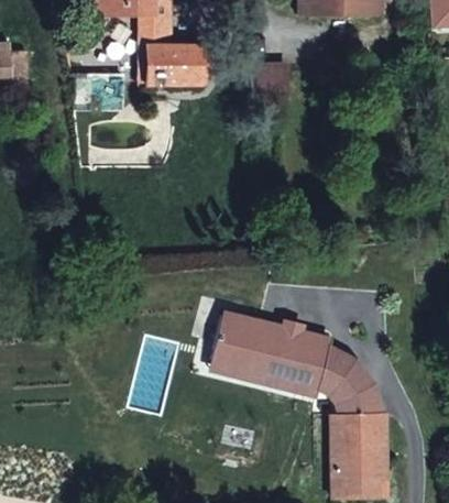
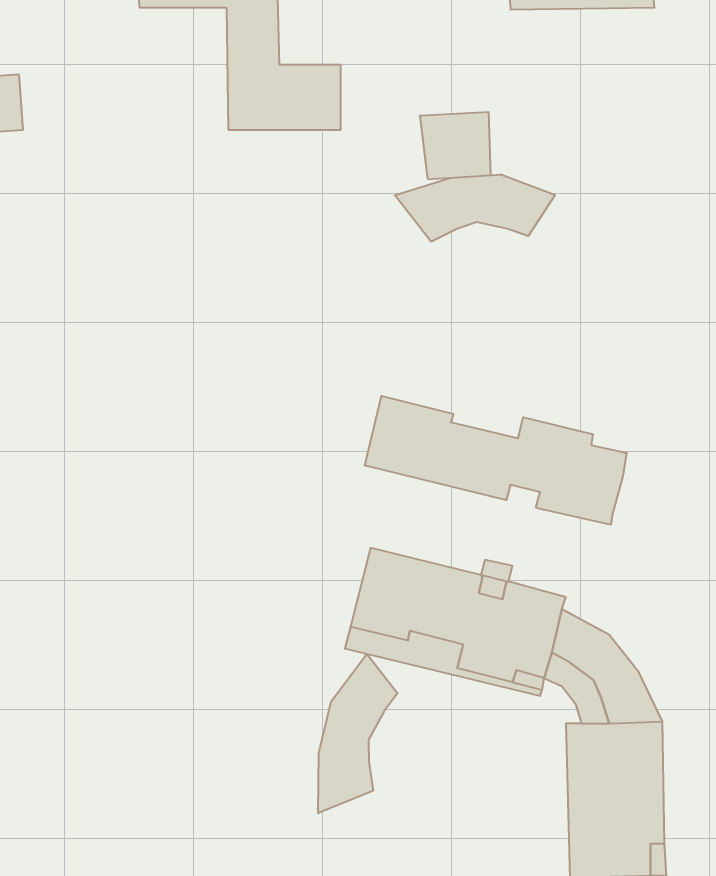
building: none -> [395,174,555,242]
building: none -> [365,396,627,525]
building: none -> [318,654,398,813]

